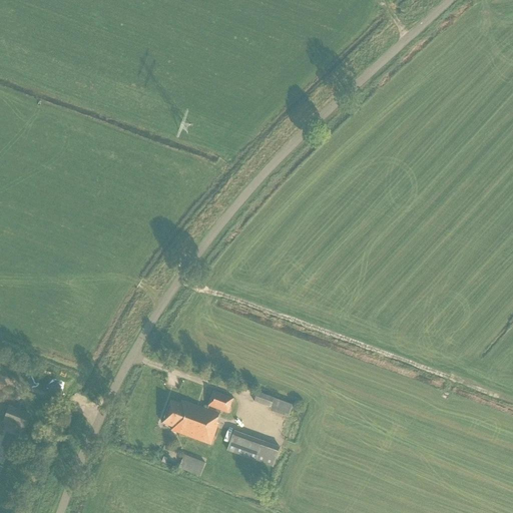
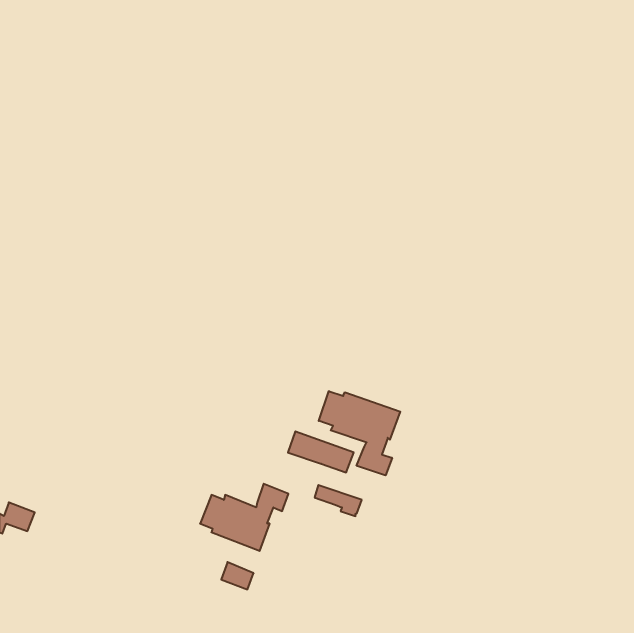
building: none -> [319,391,400,475]
building: [223,428,277,461] -> [288,431,354,472]

